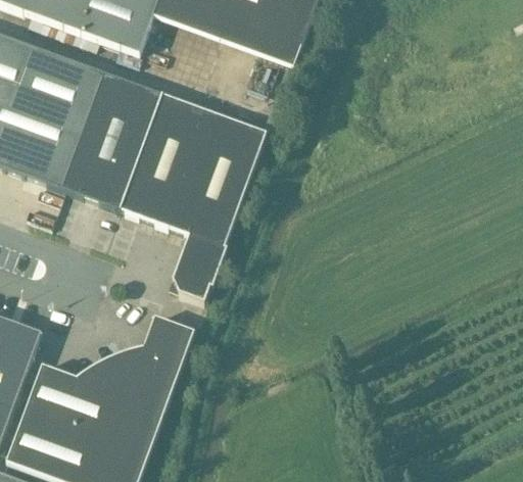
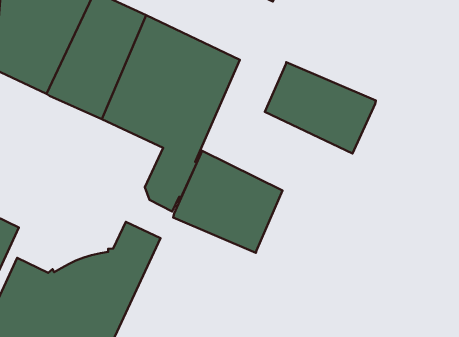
building: none -> [265,62,376,154]
building: none -> [173,151,282,253]

